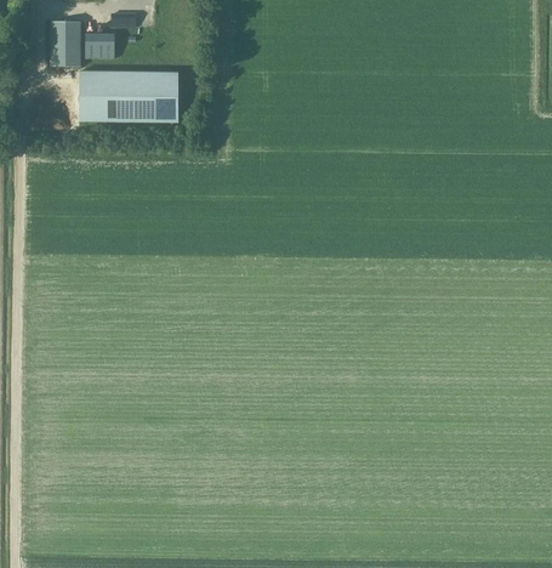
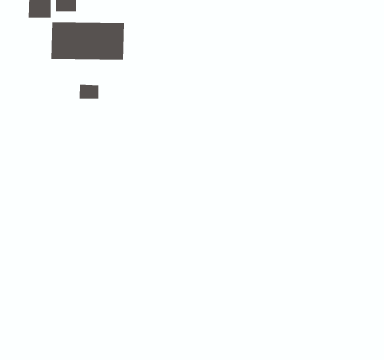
building: none -> [79,84,99,99]

